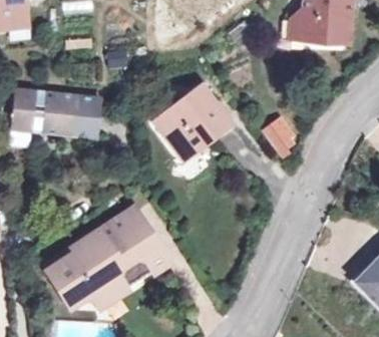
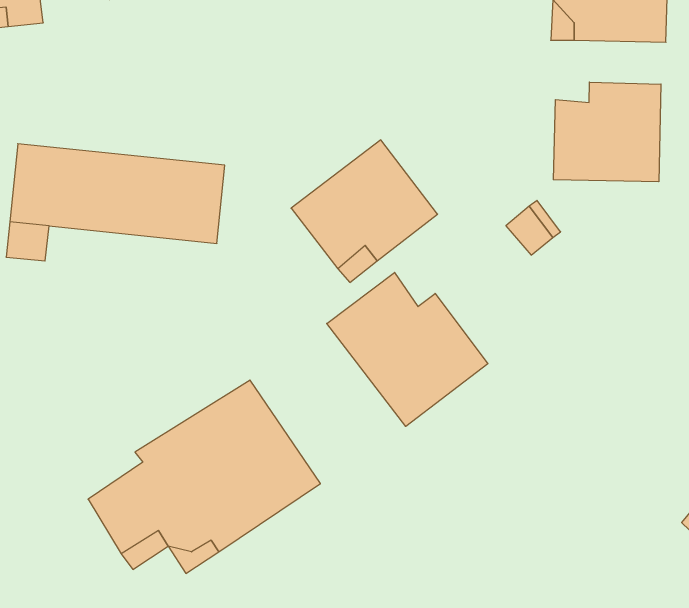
building: none -> [553,82,661,182]
building: none -> [327,272,488,426]

